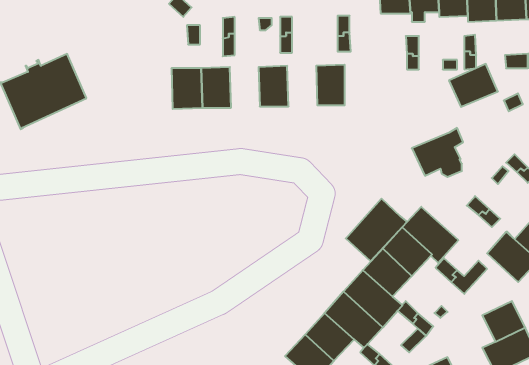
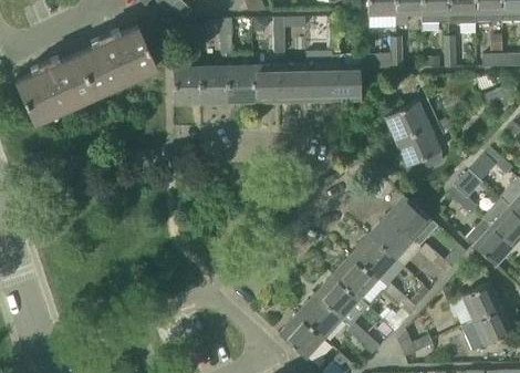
building: none -> [77,24,158,94]
building: none -> [333,53,362,101]
building: [449,64,498,107] -> [385,101,430,141]
building: none -> [281,64,309,102]
building: none -> [228,65,256,103]
building: [346,199,406,261] -> none

